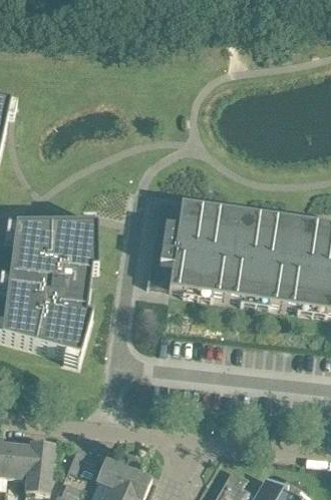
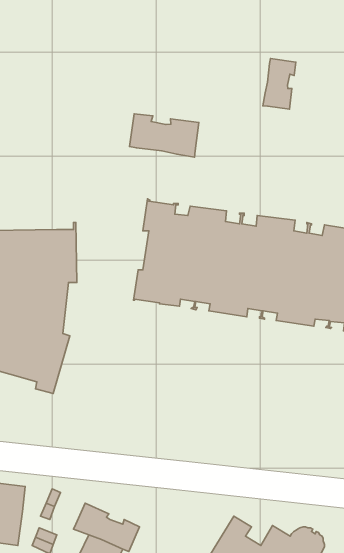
building: none -> [263,59,296,109]
building: none -> [130,114,199,157]

